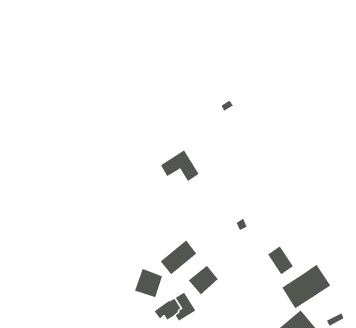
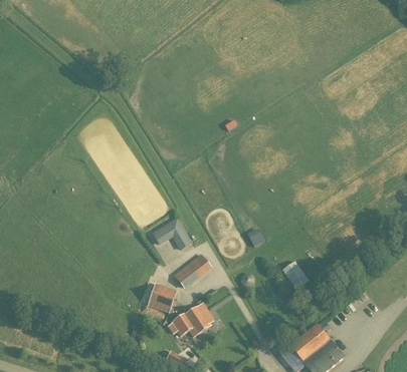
building: [160,149,199,182] -> [152,217,192,250]
building: [281,264,331,309] -> none
building: [188,265,219,295] -> none

